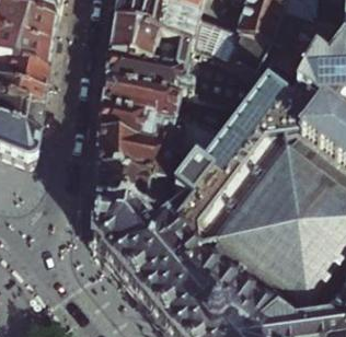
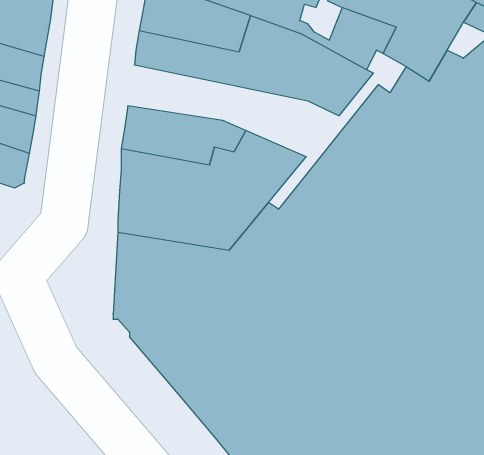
building: [104,71,245,132] -> none

